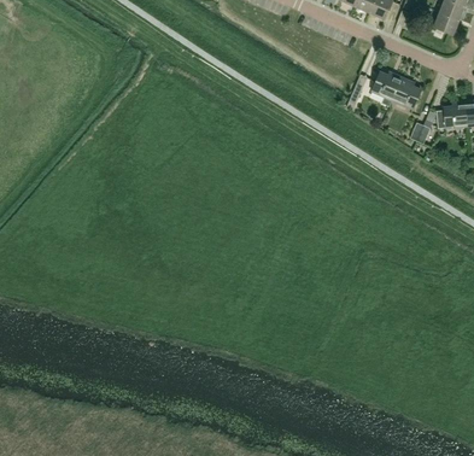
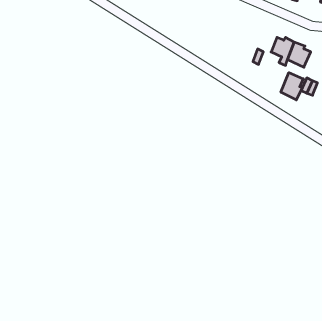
building: none -> [281,73,303,100]

